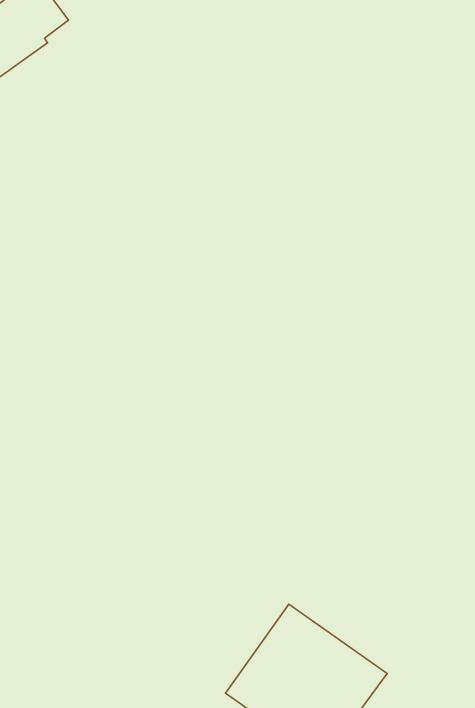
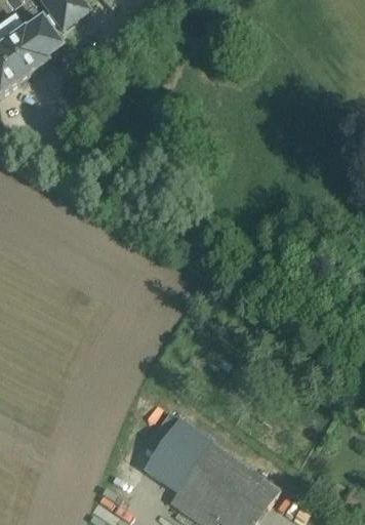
building: none -> [145,417,214,492]

